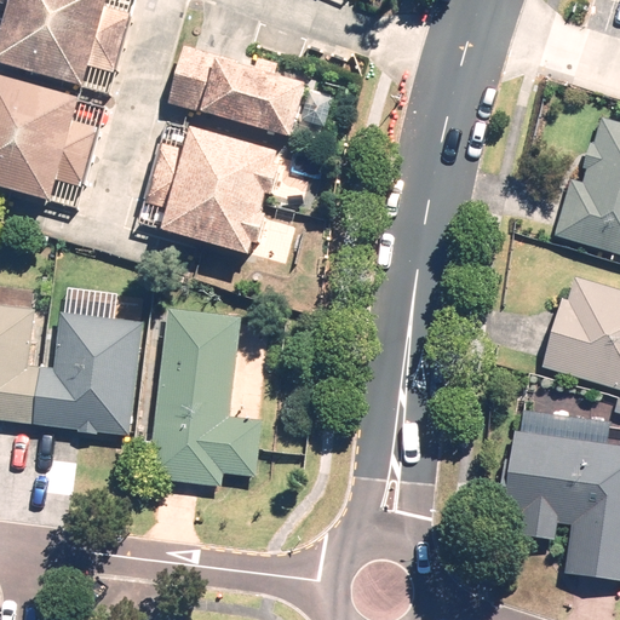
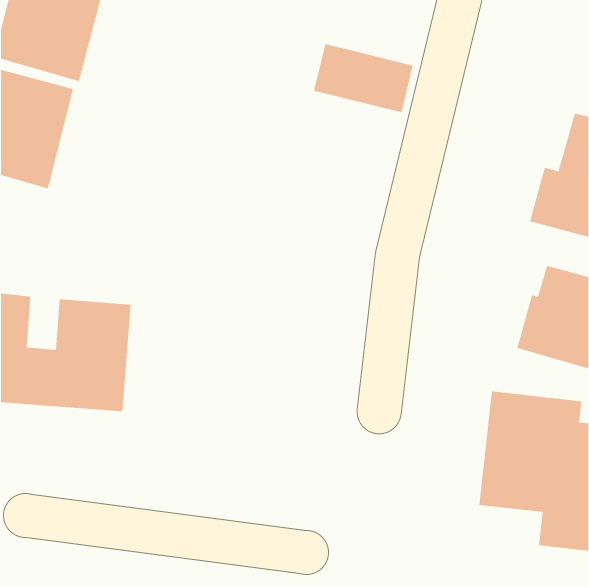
building: [201,59,306,132] -> [313,44,414,113]
building: [162,128,283,252] -> none
building: [149,306,258,486] -> none

